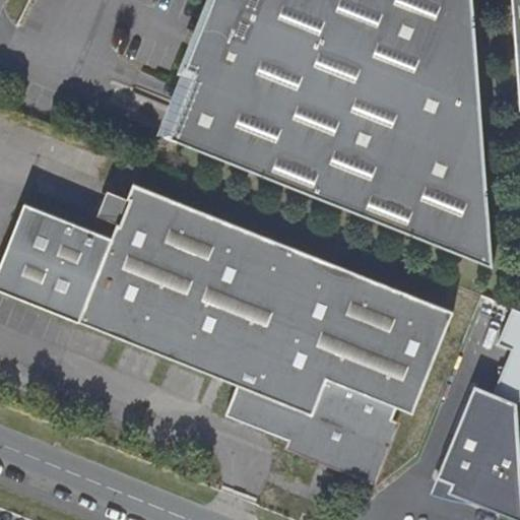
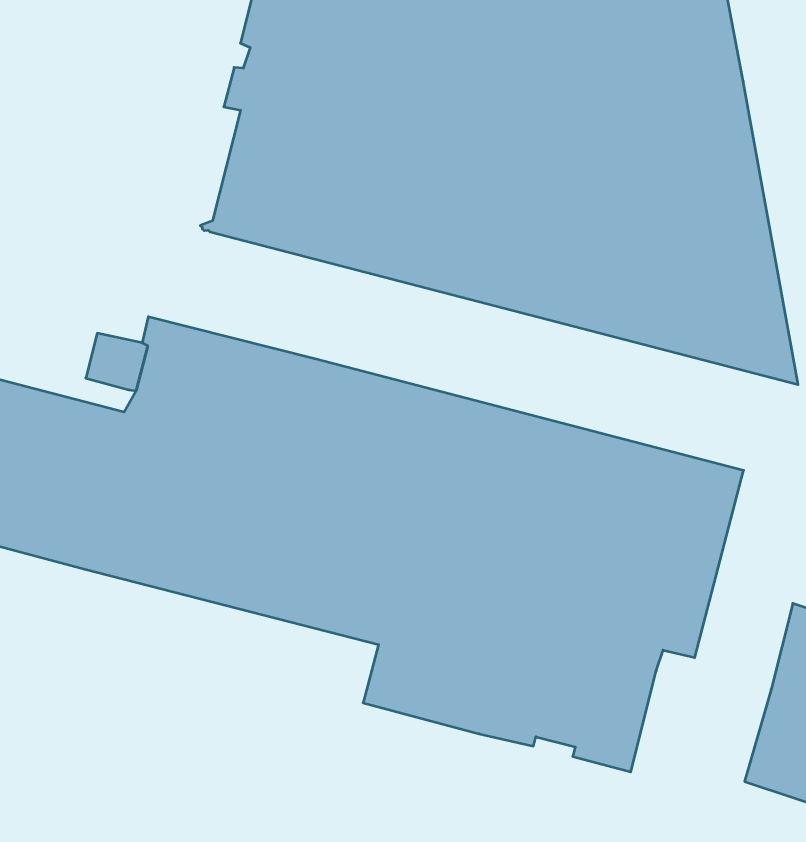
building: [288,414,402,480] -> none

